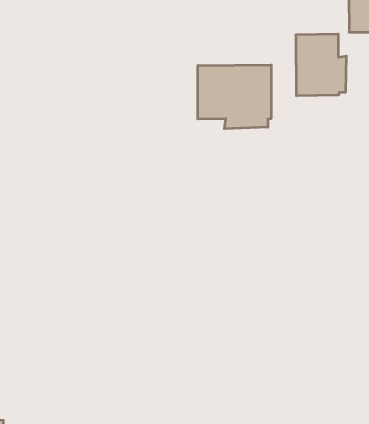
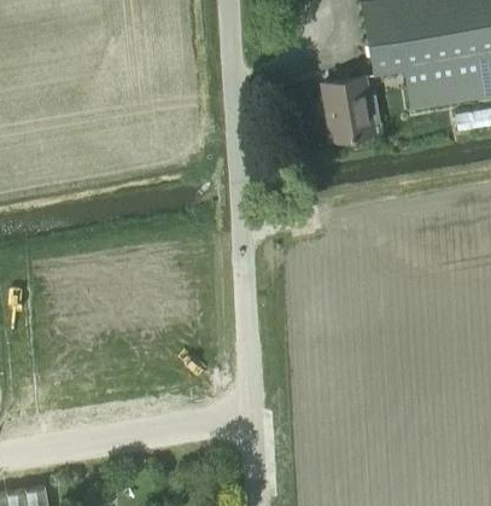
building: [198,65,271,129] -> none

